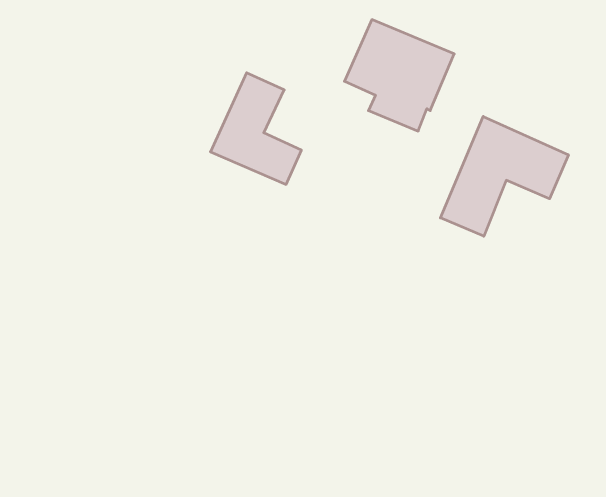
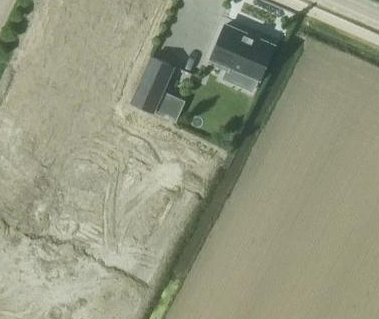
building: [440,116,568,236] -> none

